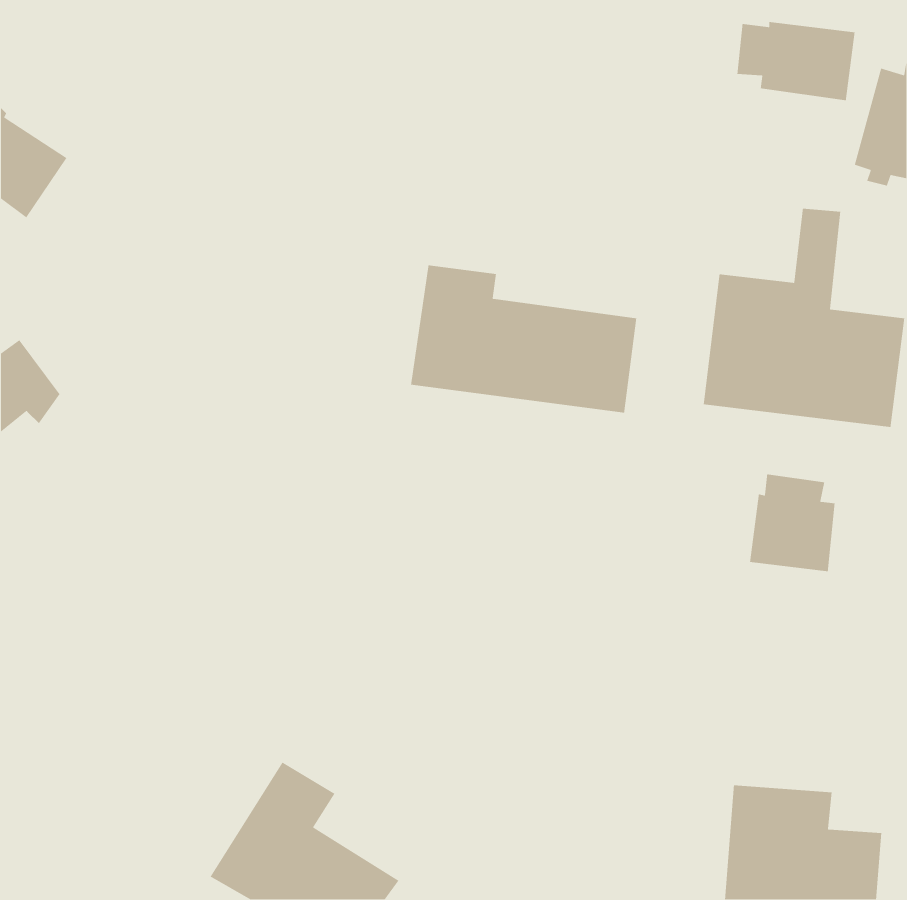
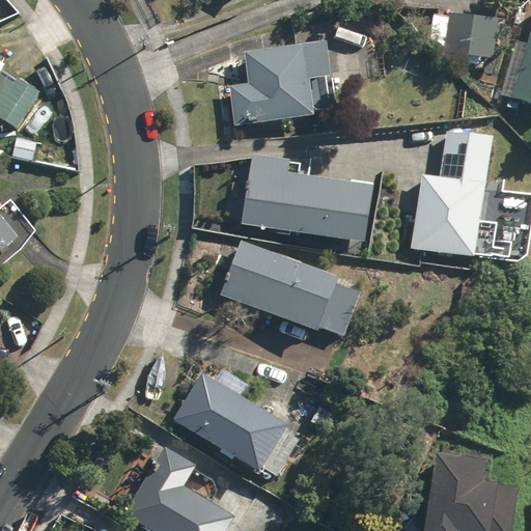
building: none -> [230,41,327,124]
building: none -> [219,241,358,335]
building: [749,474,836,572] -> none
building: none -> [173,368,303,477]

